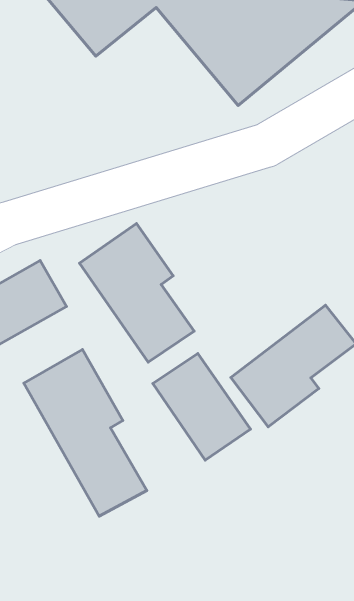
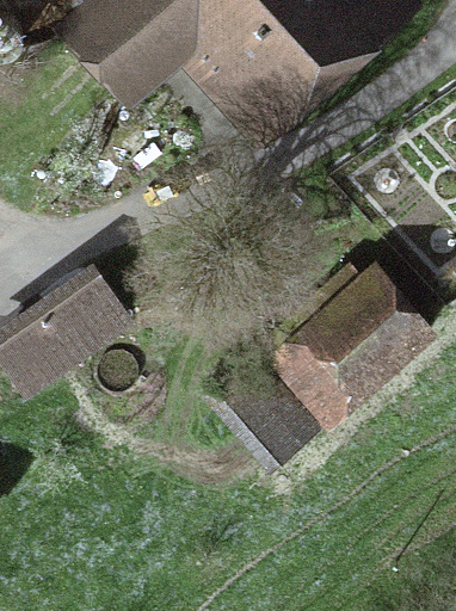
building: [80,223,194,362] -> none
building: [24,350,147,516] -> none

